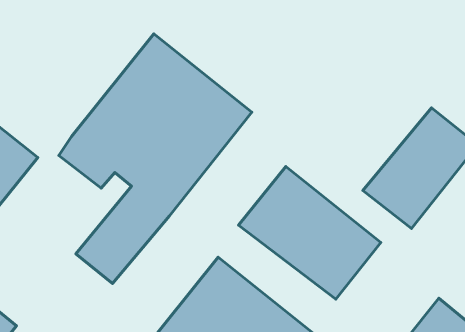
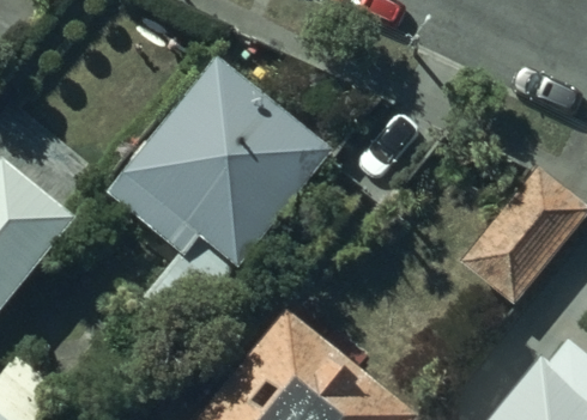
building: [238,167,381,299] -> none

